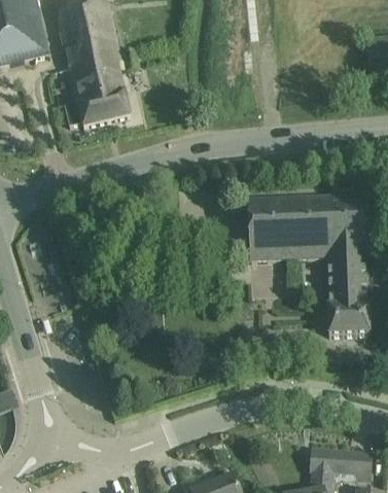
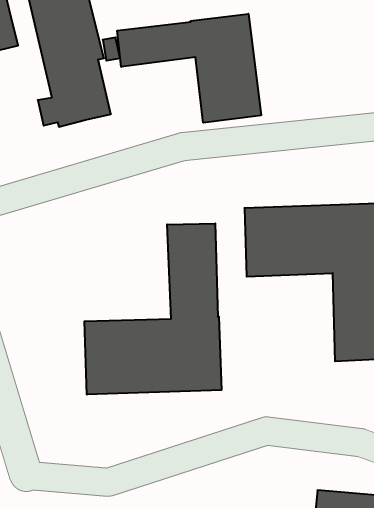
building: none -> [117,14,261,123]
building: none -> [84,223,221,395]

